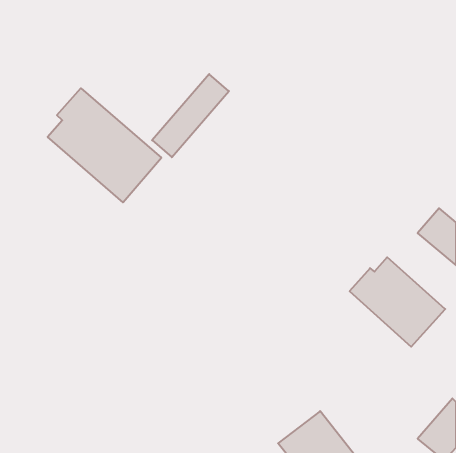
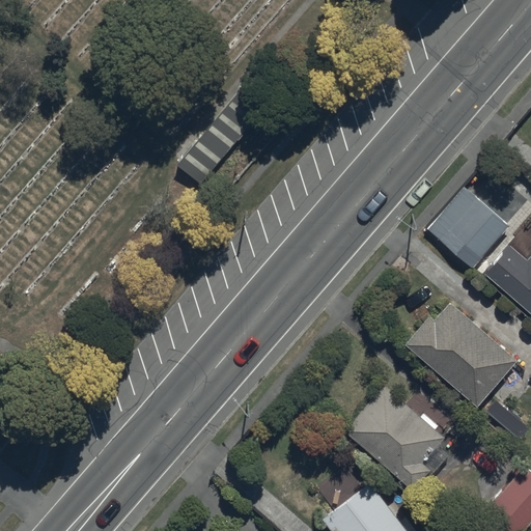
building: [48,88,161,202] -> none
building: none -> [436,199,507,273]
building: none -> [344,384,449,491]

